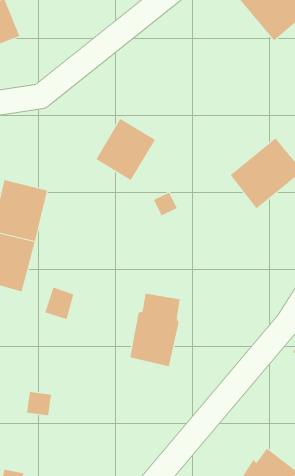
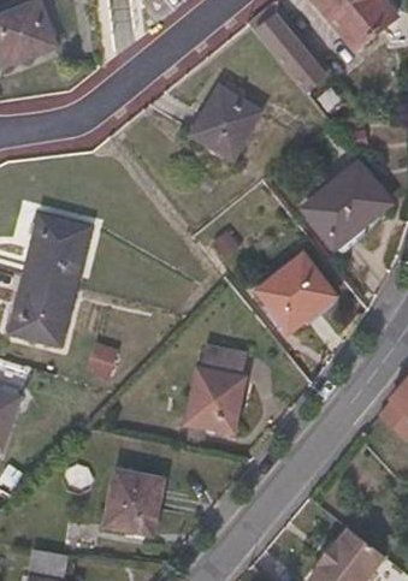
building: none -> [256,16,326,91]
building: [95,118,156,181] -> [190,85,261,159]
building: none -> [256,255,335,332]
building: none -> [105,469,162,535]

